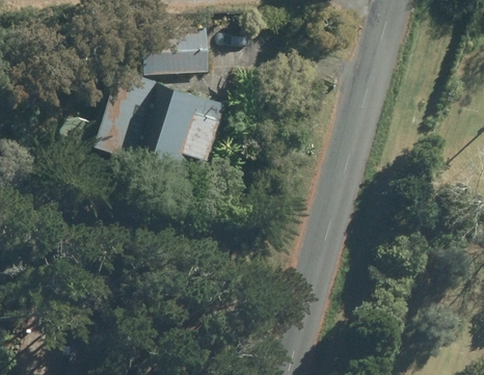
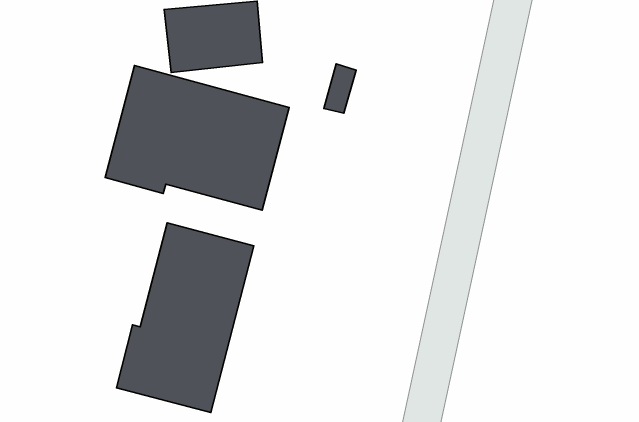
building: none -> [117,223,254,413]

